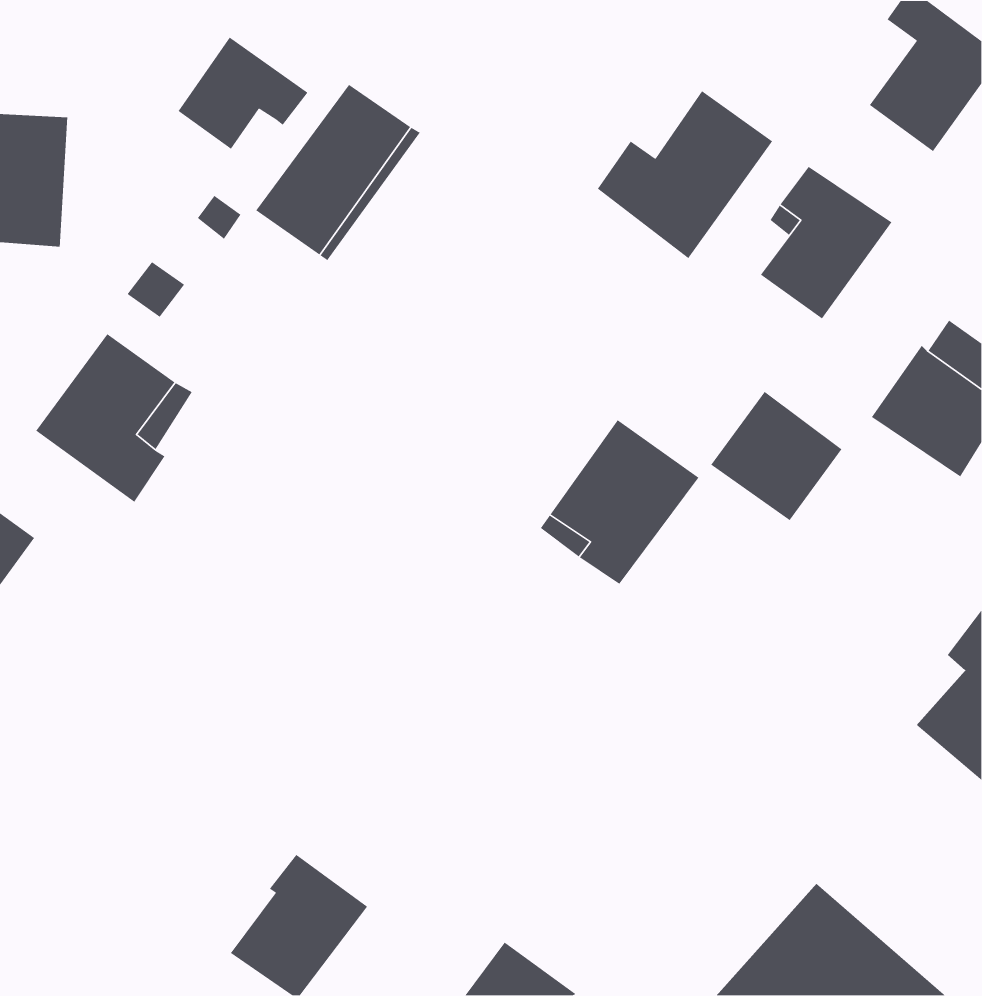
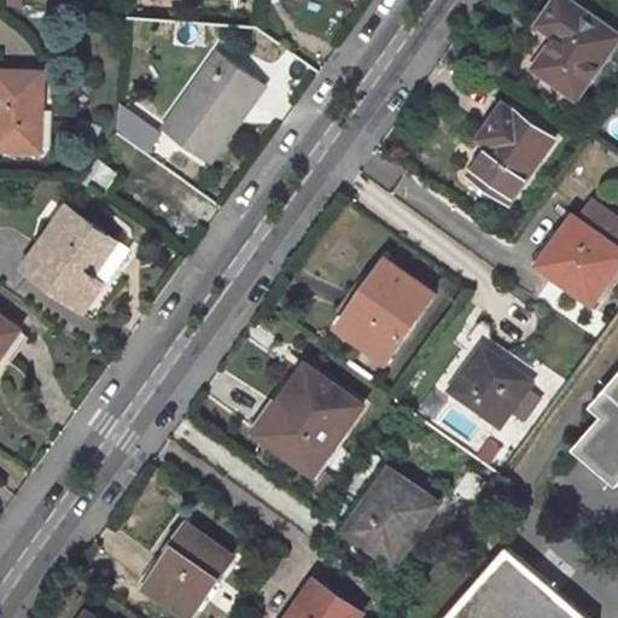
building: [178,36,309,150] -> none
building: [597,90,773,259] -> none
building: [710,391,843,521] -> [448,344,530,425]
building: none -> [260,367,360,474]
building: none -> [346,473,436,564]

